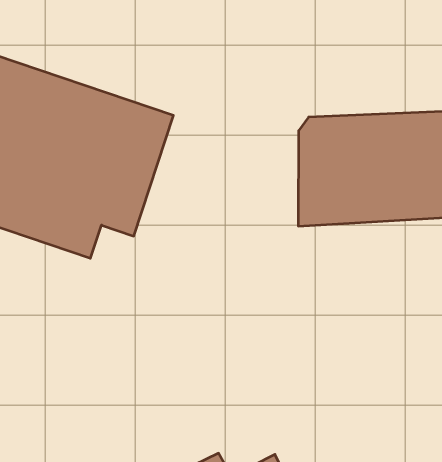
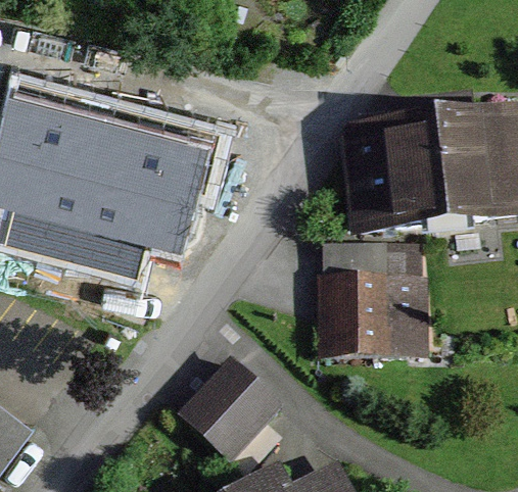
building: none -> [320,243,426,357]
building: none -> [181,365,278,463]

